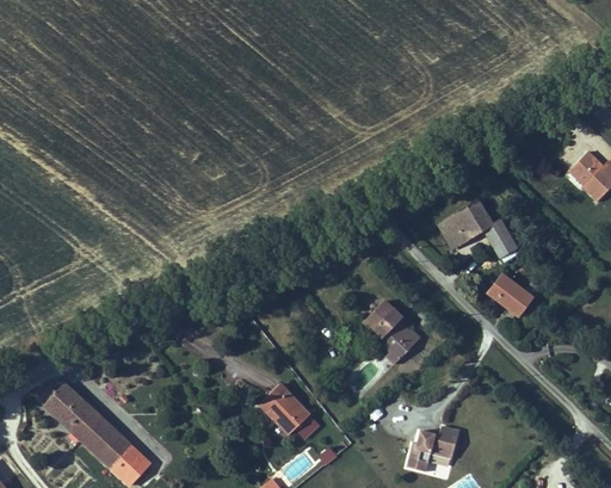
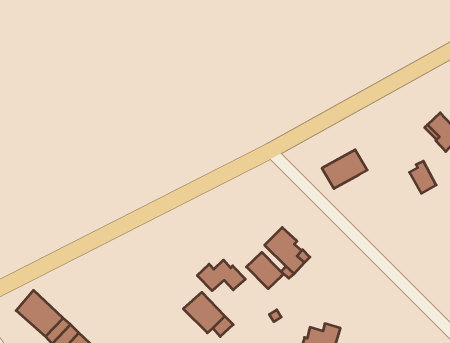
building: [483,217,518,259] -> [409,161,436,193]
building: [486,273,533,319] -> none
building: none -> [246,252,284,289]
building: none -> [197,260,245,291]

